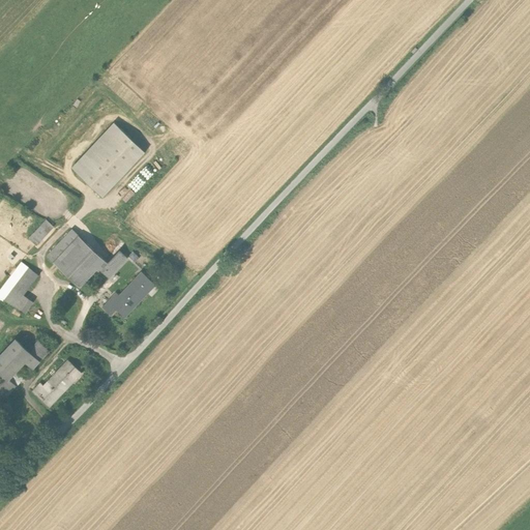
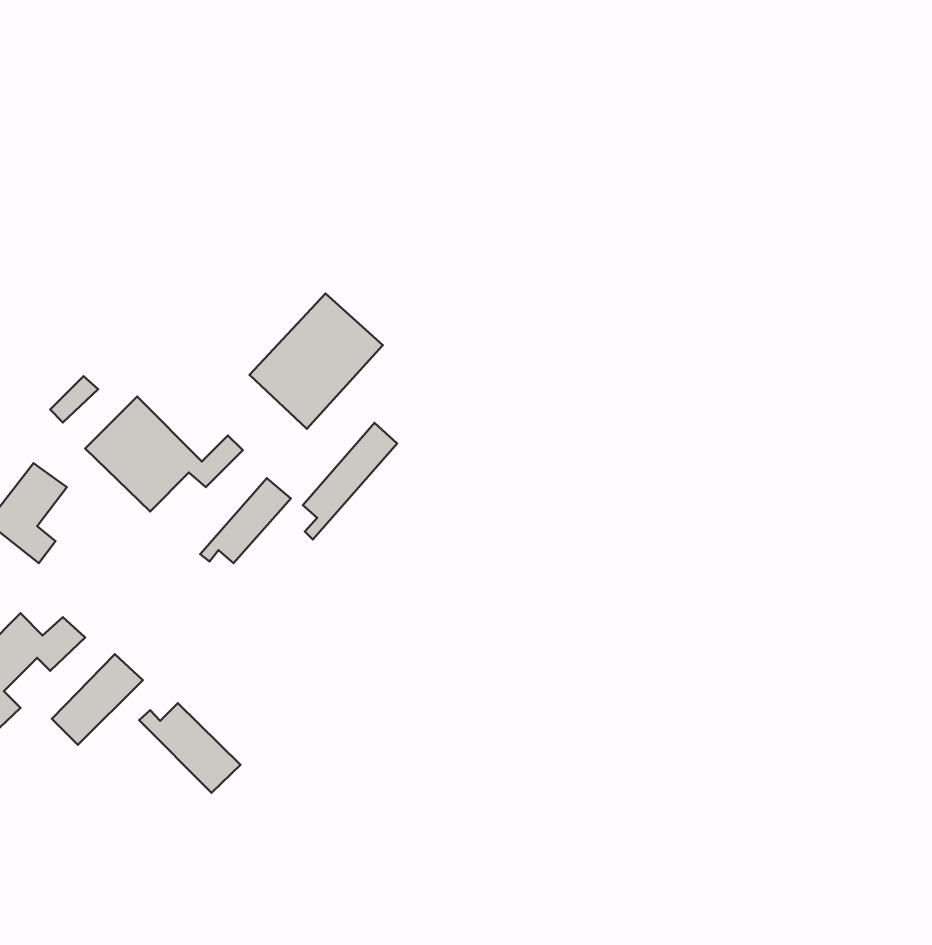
building: [63,120,138,196] -> [250,293,383,429]
building: none -> [303,423,397,539]
building: none -> [139,703,240,793]

